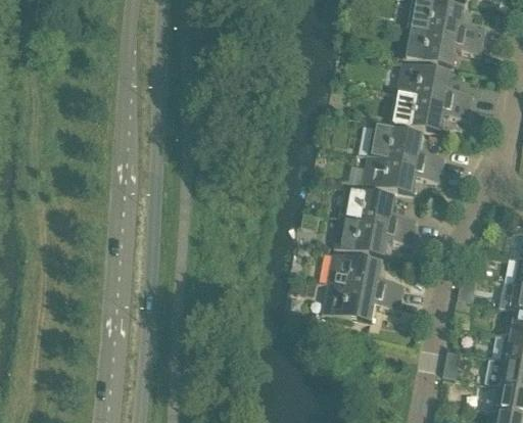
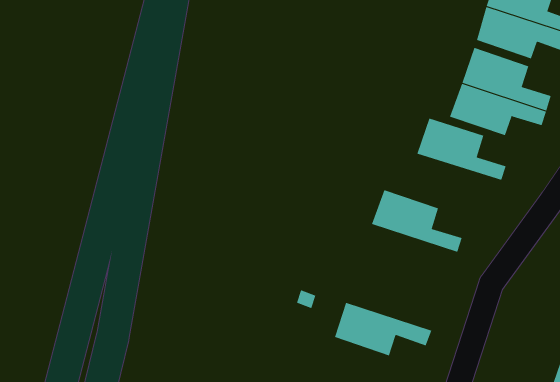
building: [366,152,443,191] -> none
building: [337,215,416,253] -> none
building: [330,250,406,294] -> none

